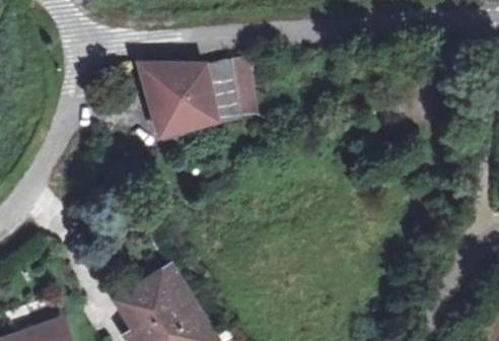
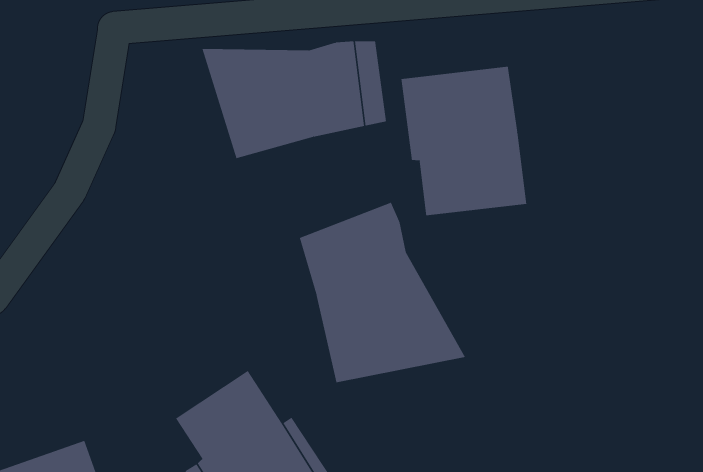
building: none -> [401,66,527,216]
building: none -> [299,202,466,383]

